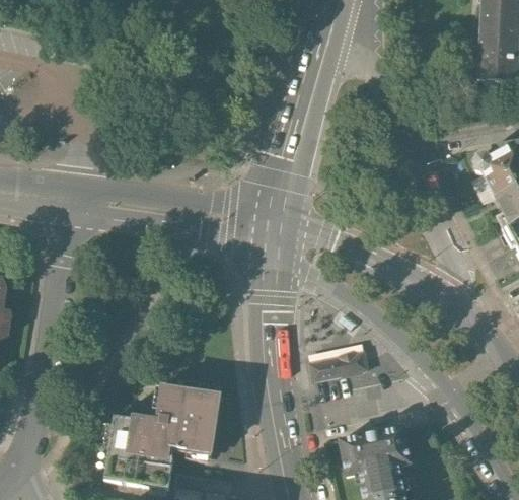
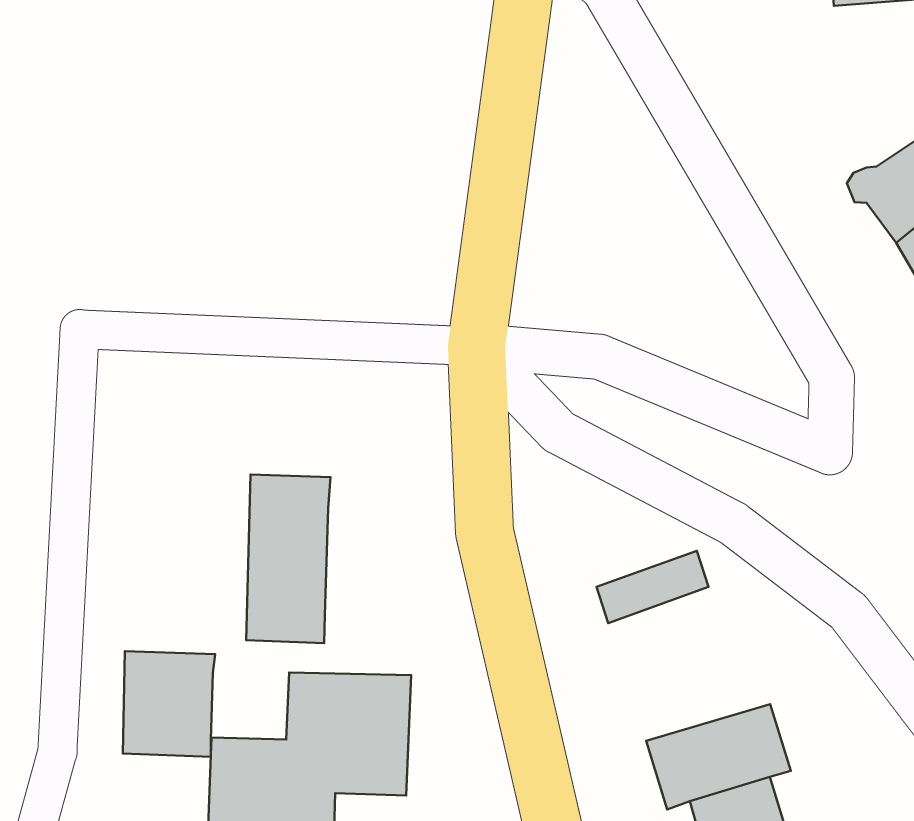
building: none -> [246,475,331,643]
building: none -> [123,651,215,757]

